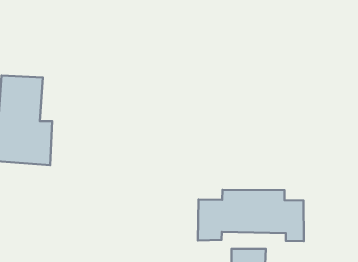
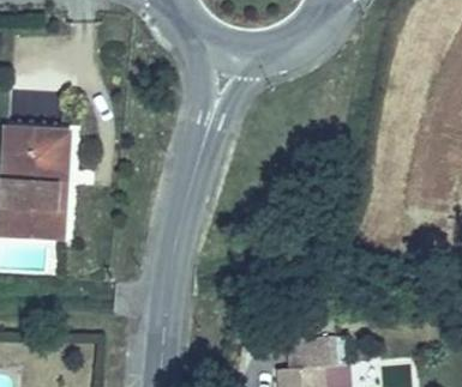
building: [198,190,304,241] -> none

